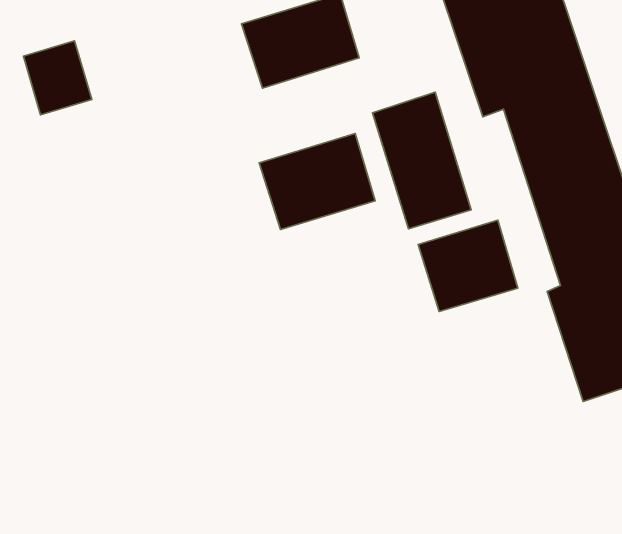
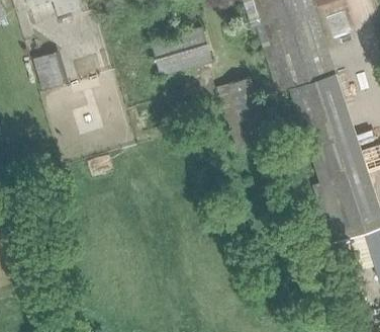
building: [259,133,375,229] -> none
building: [418,220,518,312] -> none

